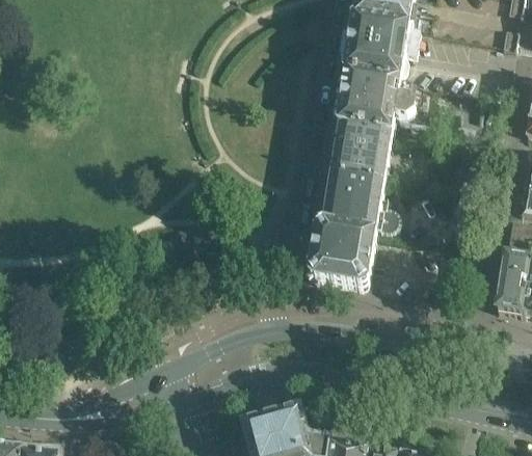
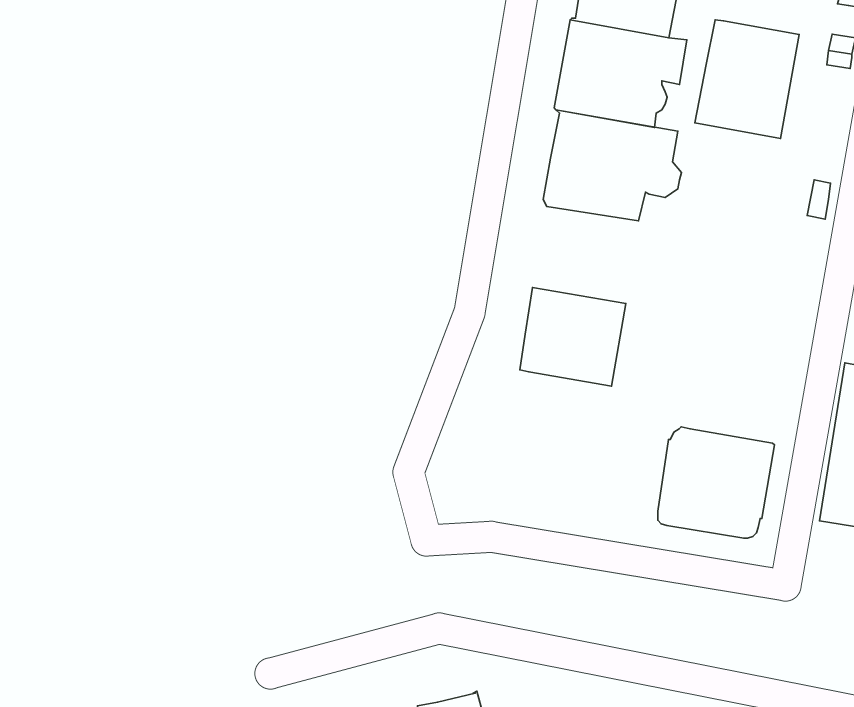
building: none -> [695,20,799,139]
building: [328,127,390,183] -> none
building: [308,221,375,286] -> [658,427,774,538]

